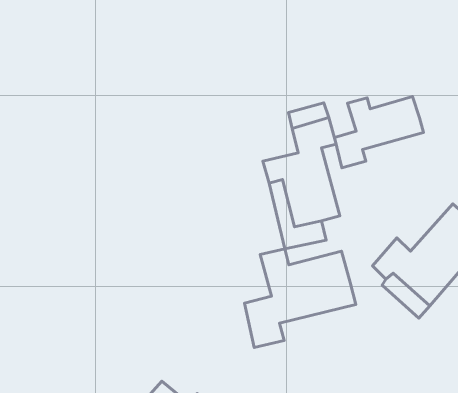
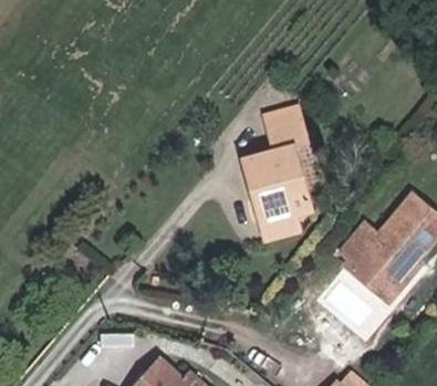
building: [334,97,423,168] -> none
building: [245,249,356,348] -> none

